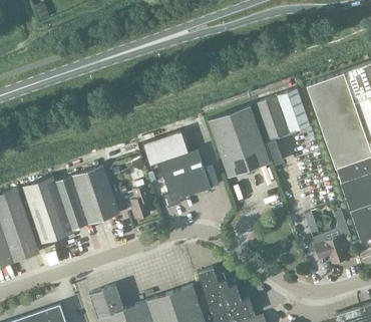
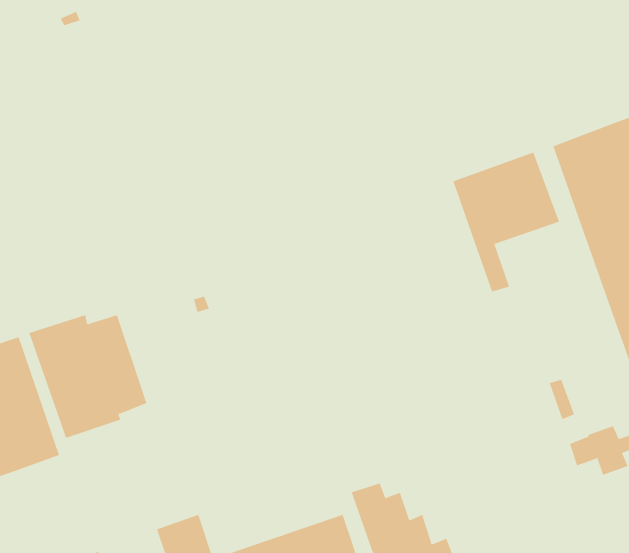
building: [208,105,270,178] -> none
building: [142,131,219,210] -> none
building: [70,167,119,226] -> none
building: [130,187,150,220] -> none

